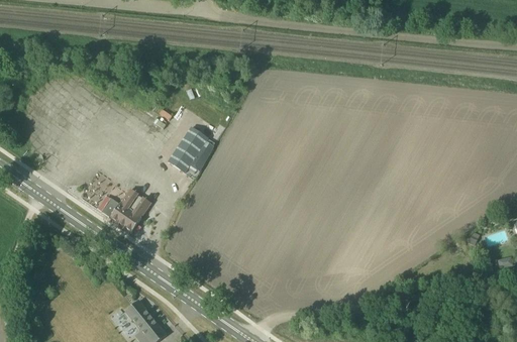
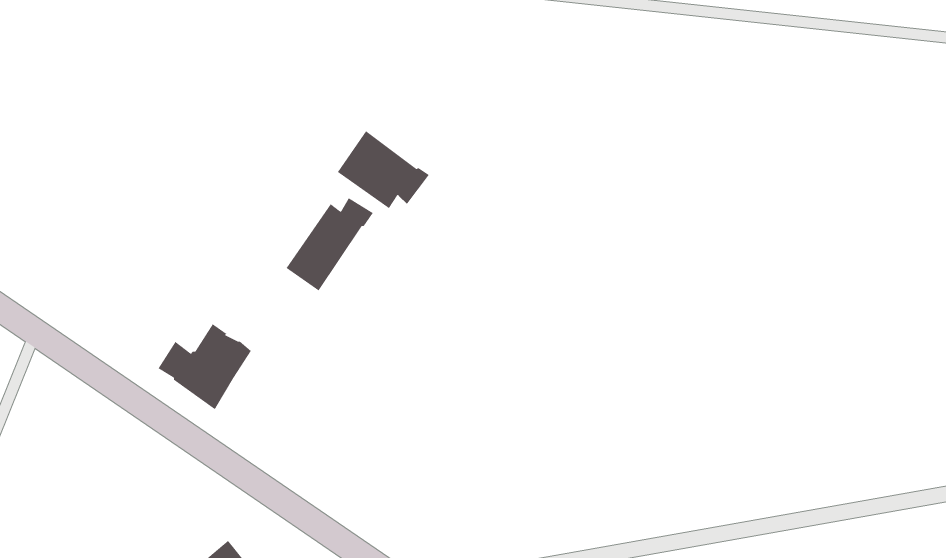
building: none -> [337,130,430,209]

